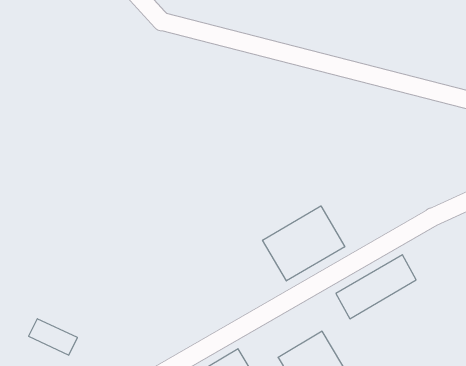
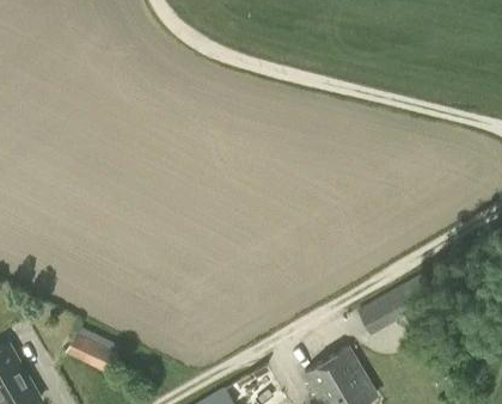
building: [263,206,345,281] -> none

